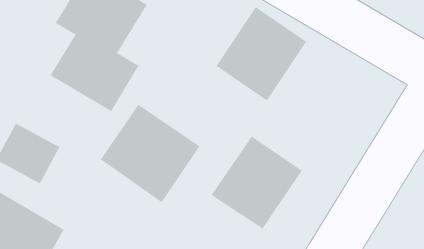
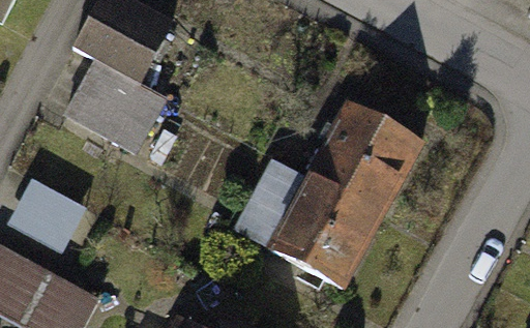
building: [216,6,307,101] -> [307,99,414,211]
building: [100,104,201,203] -> none

